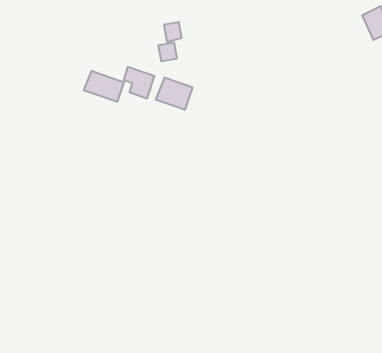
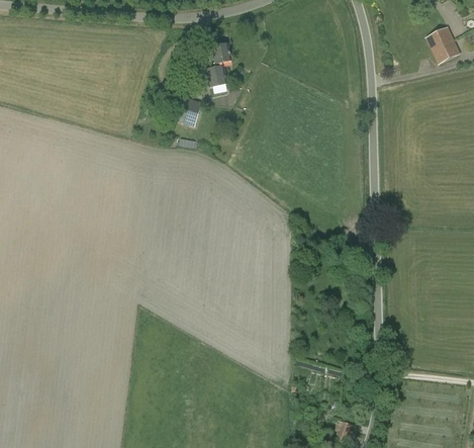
building: [84,71,124,102] -> none
building: [156,77,193,110] -> none

